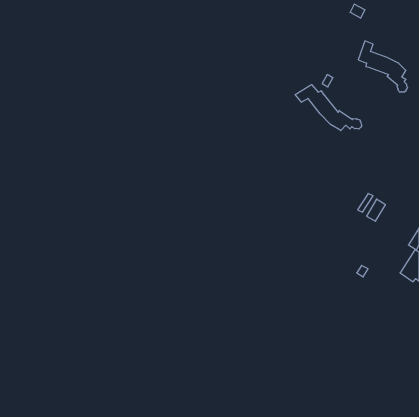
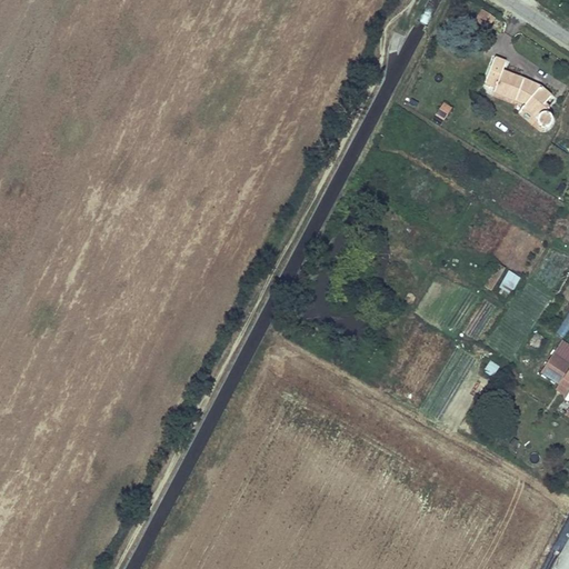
building: [295,85,362,131] -> none

